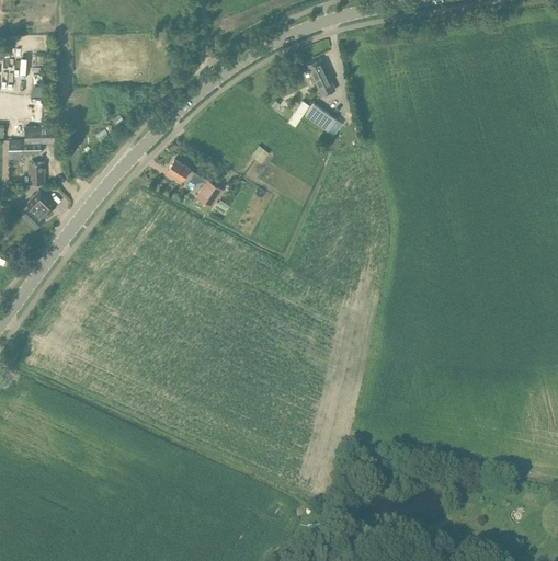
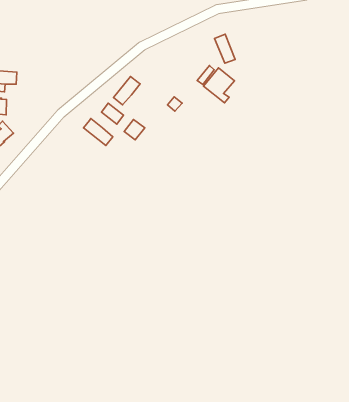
building: none -> [114,76,140,105]
building: none -> [83,118,113,146]

